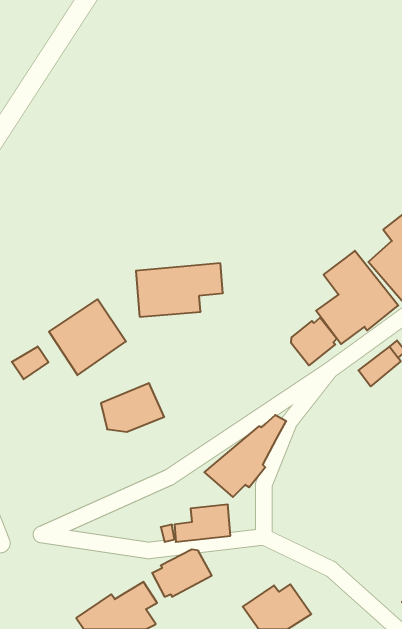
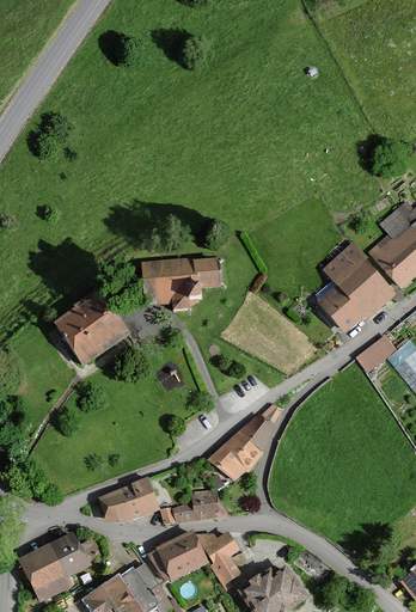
building: [291,318,337,365] -> none
building: [12,346,48,379] -> none
building: [101,383,164,432] -> [102,476,163,522]
building: none -> [20,531,100,599]
building: none -> [200,531,240,579]

